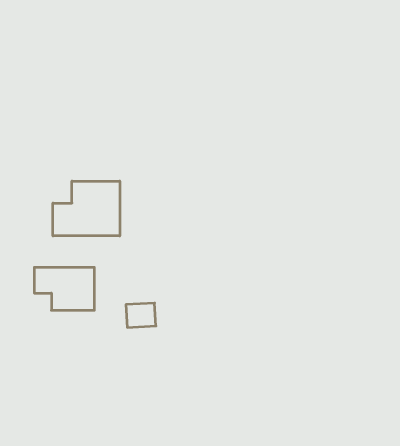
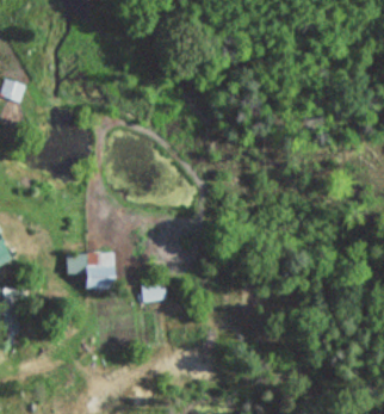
building: [53,181,120,236] -> none

